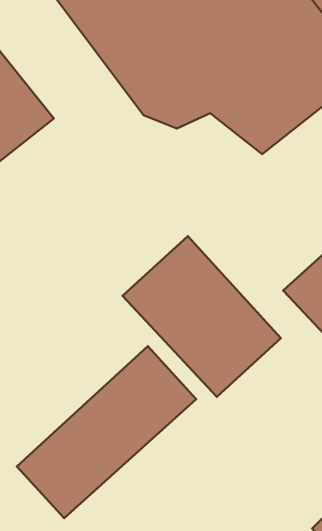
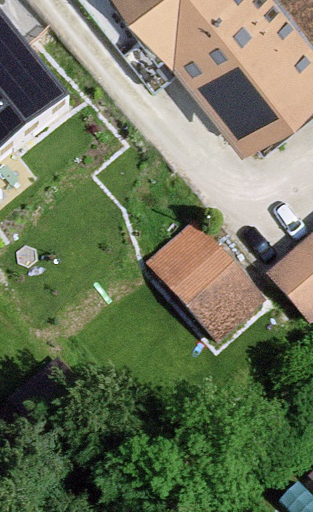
building: [17,346,196,518] -> none

